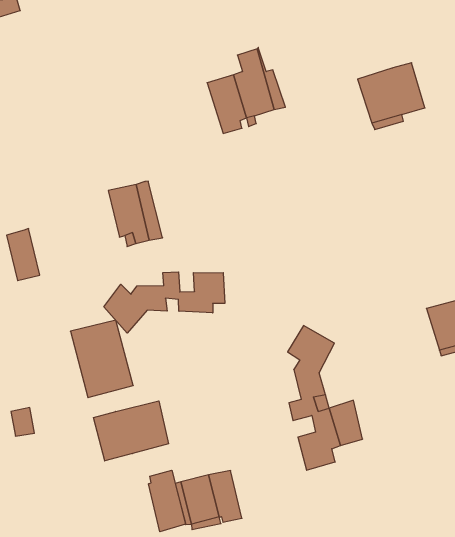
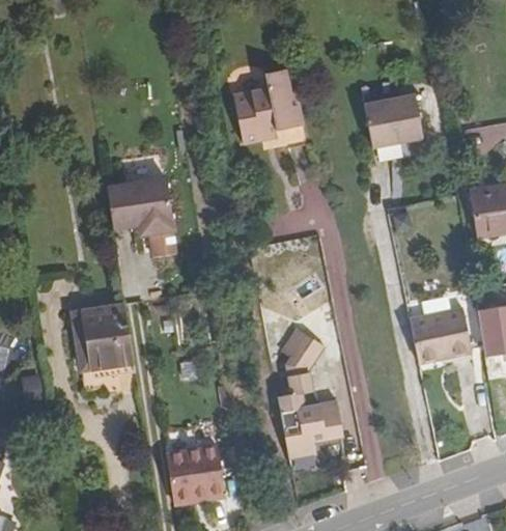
building: [7,229,40,281] -> [109,184,136,230]
building: [104,272,225,333] -> none
building: [93,401,168,461] -> none
building: [149,470,186,532] -> none

